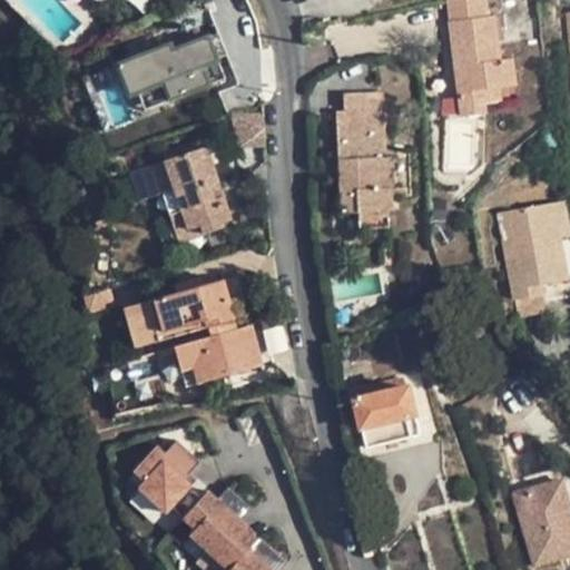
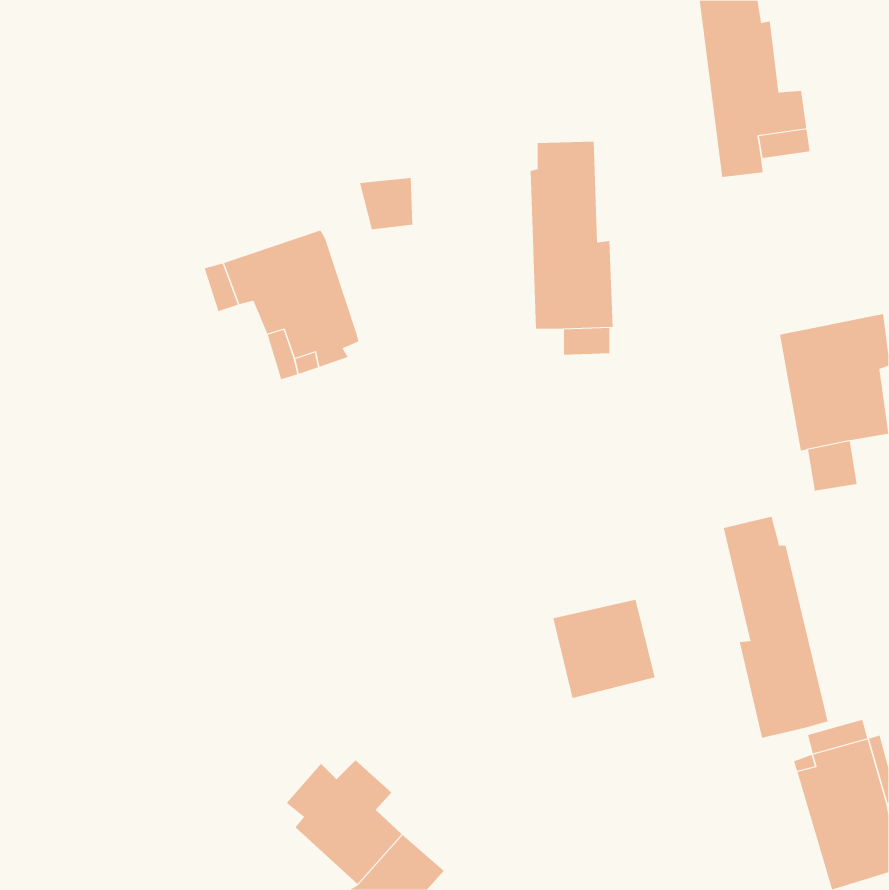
building: [124,29,229,108] -> none
building: [126,276,242,345] -> none
building: [176,325,261,385] -> none
building: none -> [723,516,828,739]
building: [132,439,205,513] -> none

